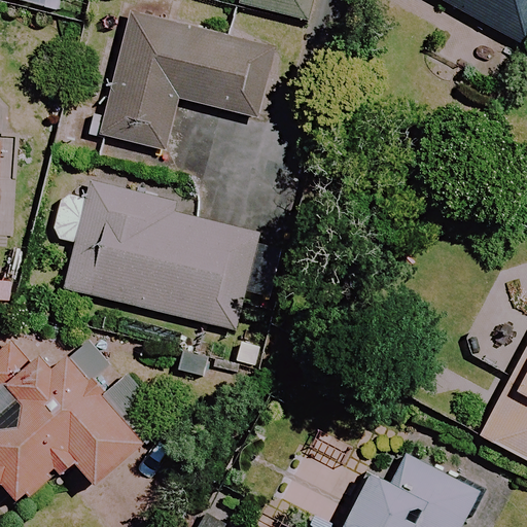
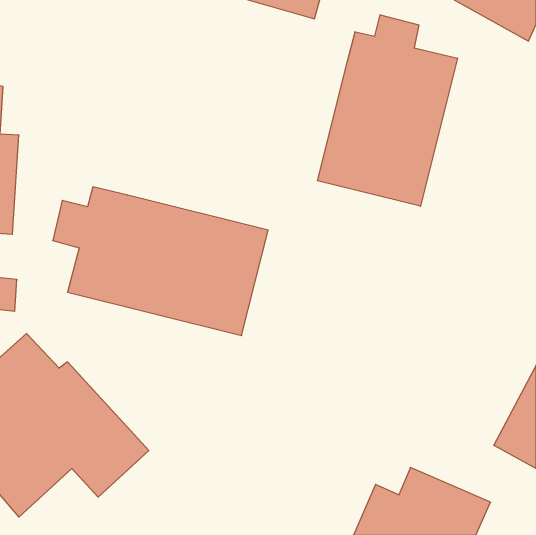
building: none -> [318,15,458,206]
building: [83,16,272,152] -> none

